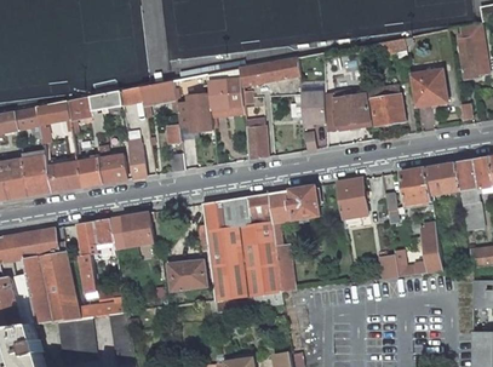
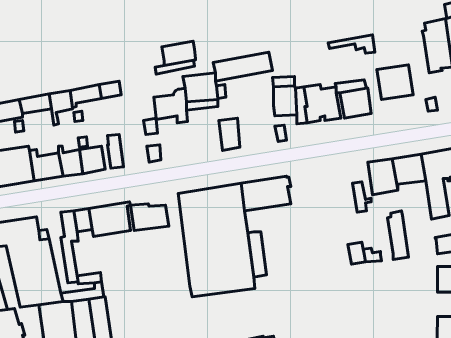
building: [141,80,176,105] -> [162,41,196,65]
building: [336,177,367,218] -> none
building: [167,262,207,289] -> [131,204,169,231]

